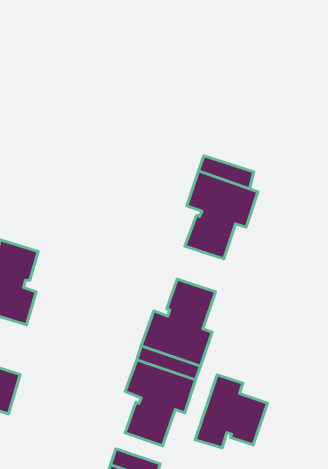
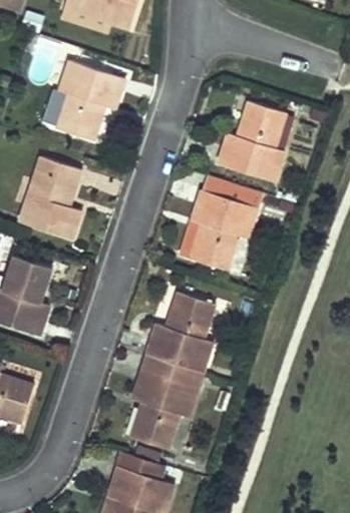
building: none -> [56,57,121,136]
building: none -> [217,103,286,183]
building: none -> [17,154,79,235]
building: [195,375,267,448] -> none

